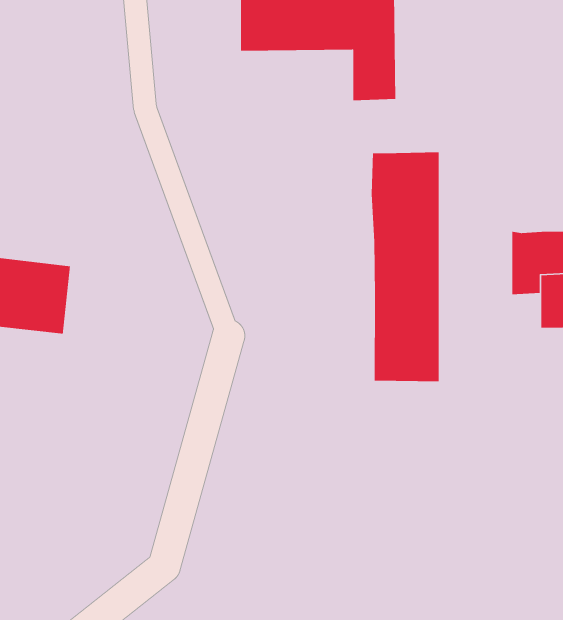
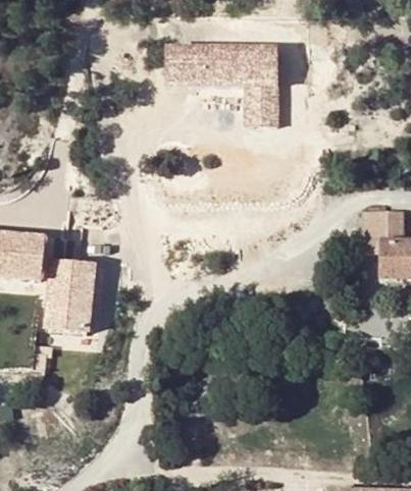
building: [371,152,440,382] -> none
building: none -> [46,256,100,332]

